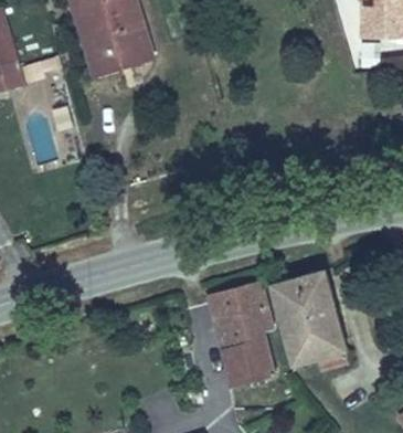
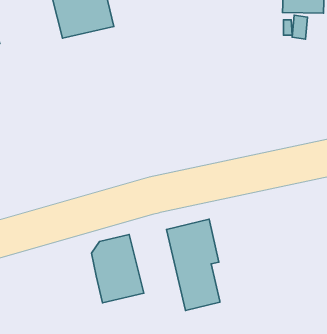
building: [274,274,348,373] -> none
building: none -> [92,234,144,303]

